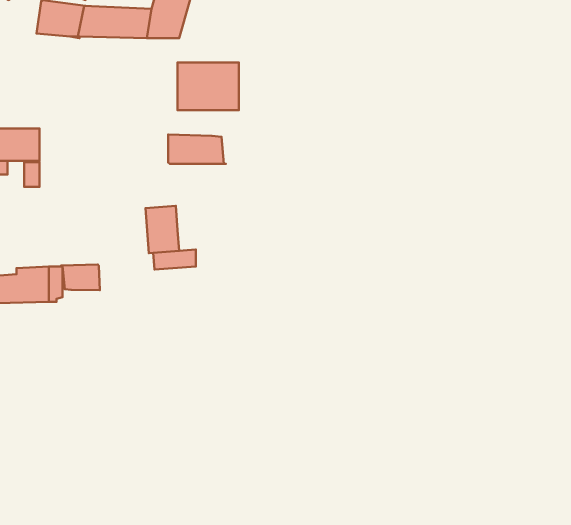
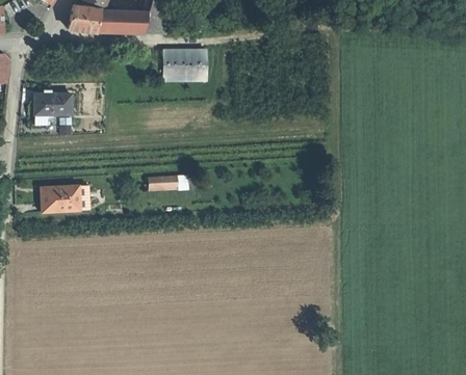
building: [168,134,226,164] -> none
building: [146,206,179,253] -> none
building: [61,265,100,290] -> none

